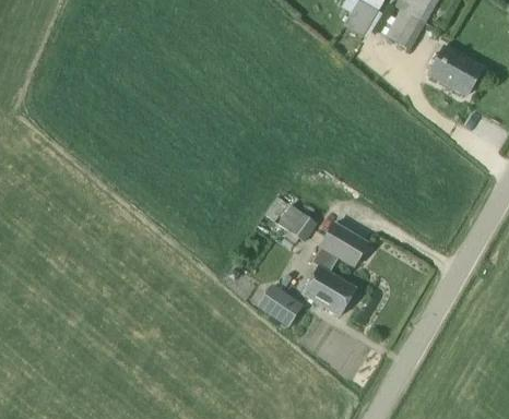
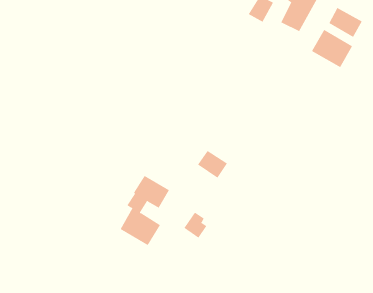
building: none -> [329,7,363,38]
building: [303,223,368,315] -> [120,175,170,246]

